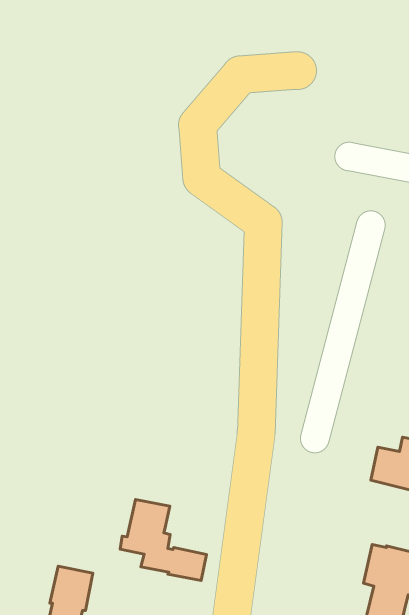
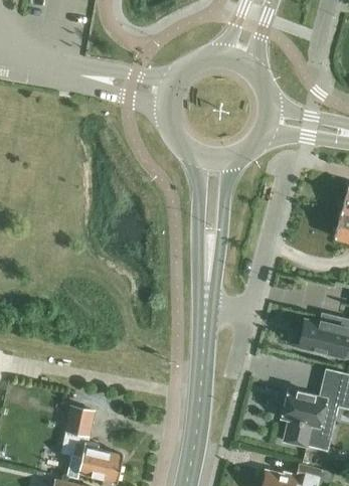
building: [120,499,207,580] -> none

